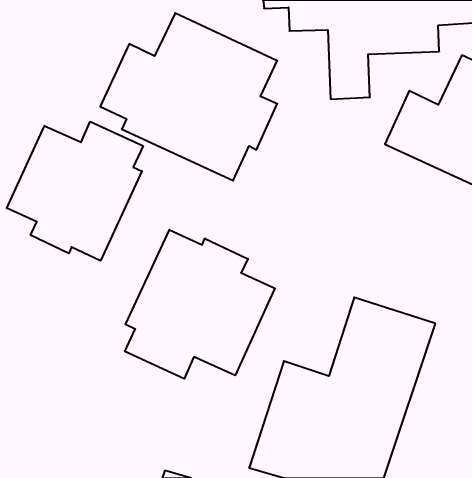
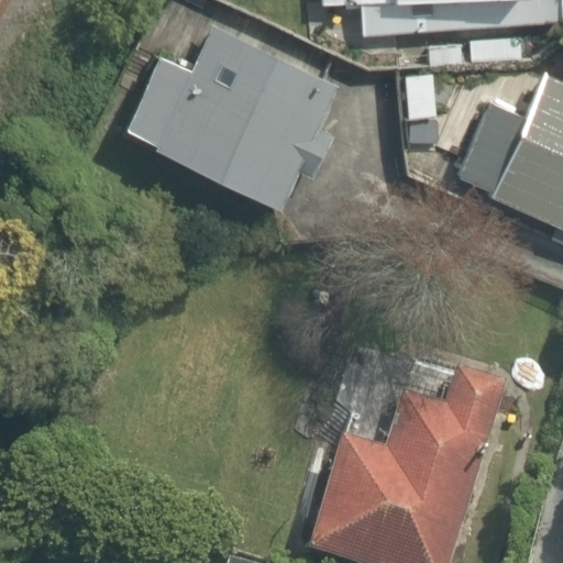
building: [7,122,143,261] -> none
building: [125,230,275,379] -> none

